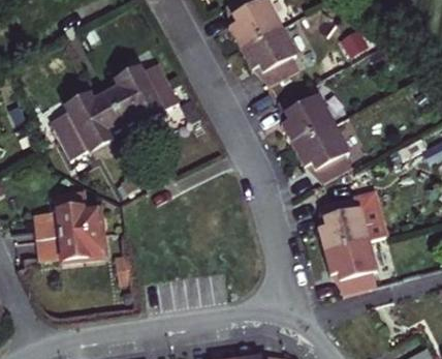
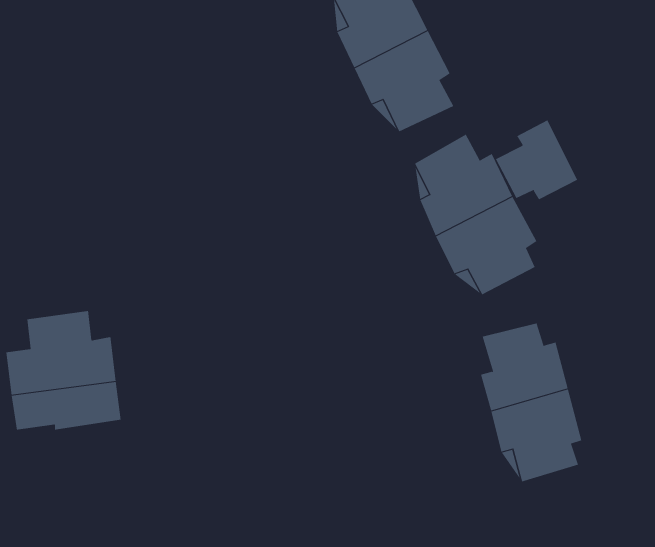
building: [49,64,179,159] -> none
building: none -> [495,119,578,200]

